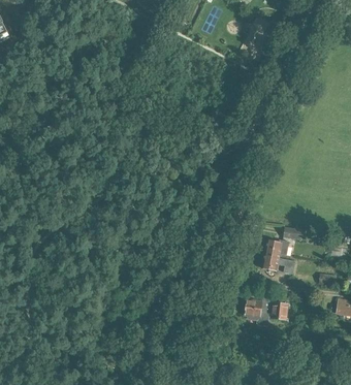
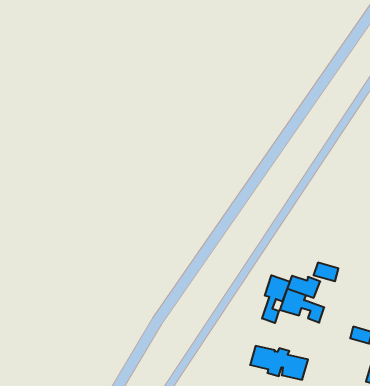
building: none -> [262,275,290,323]

